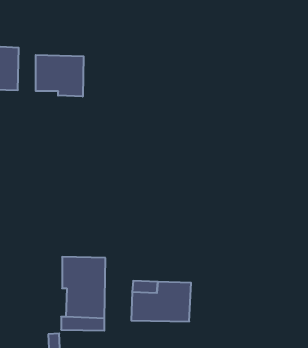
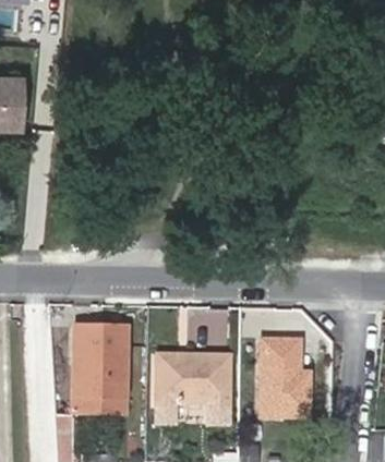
building: [36,55,84,97] -> none
building: none -> [261,342,308,415]

